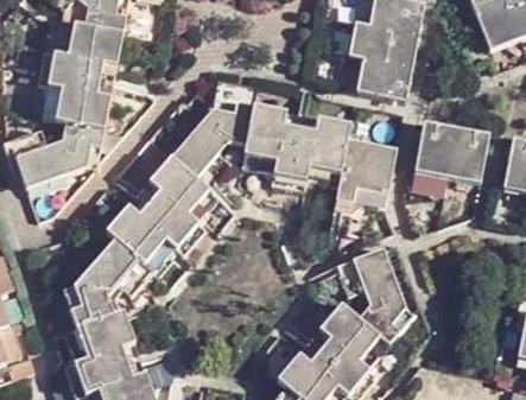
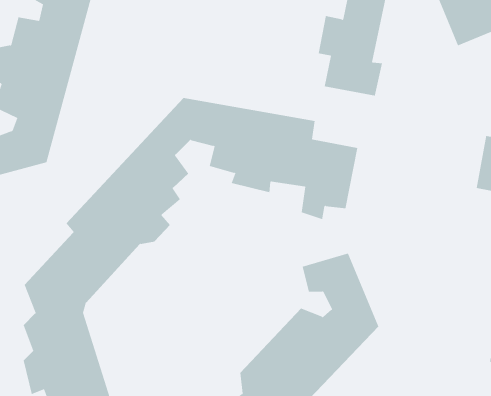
building: [416,125,476,184] -> none

